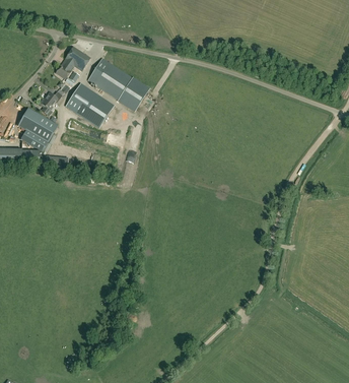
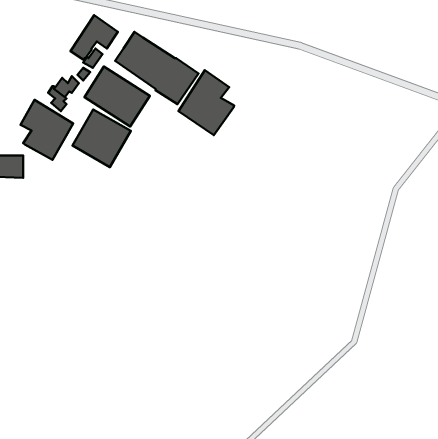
building: none -> [178,70,234,135]
building: none -> [72,109,131,167]

